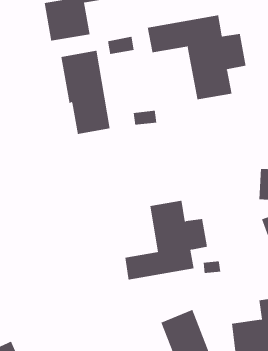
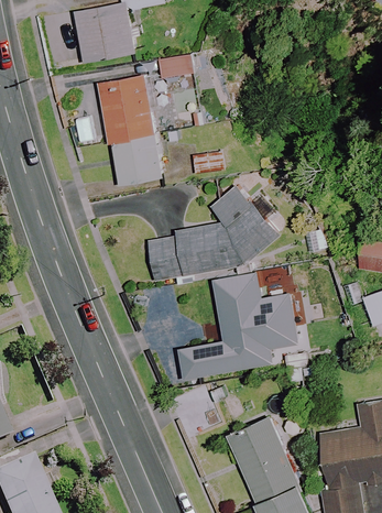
building: [147,15,246,100] -> none
building: none -> [149,184,279,285]

